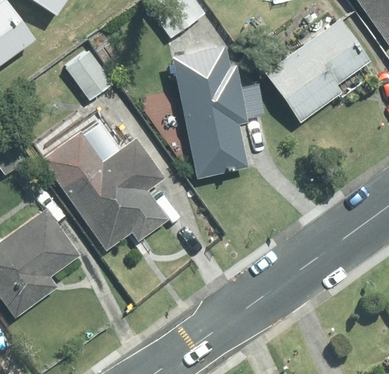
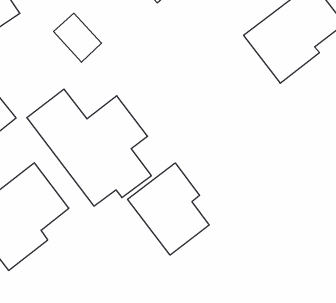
building: [167,40,267,180] -> none
building: none -> [128,163,209,255]

